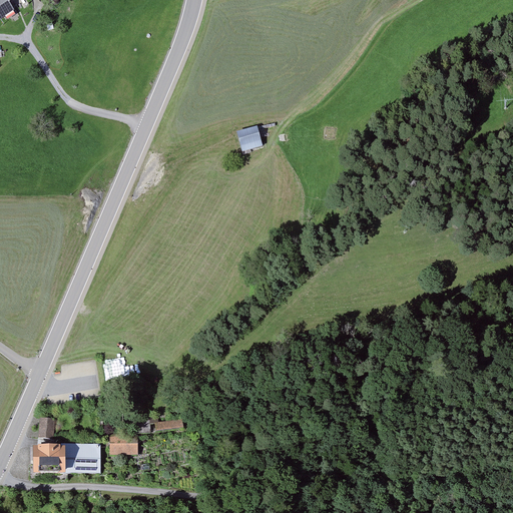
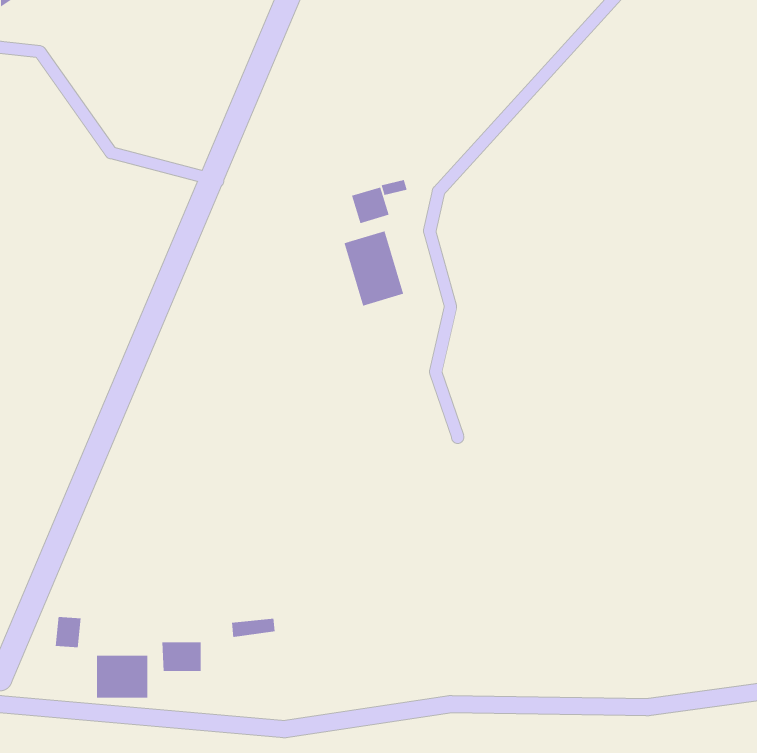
building: none -> [344,231,404,307]
building: [33,446,65,472] -> none

